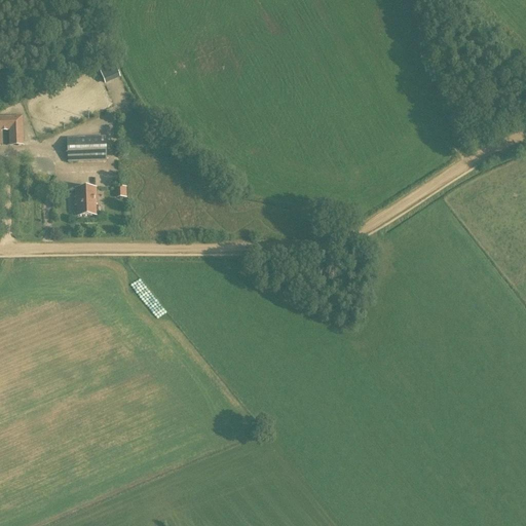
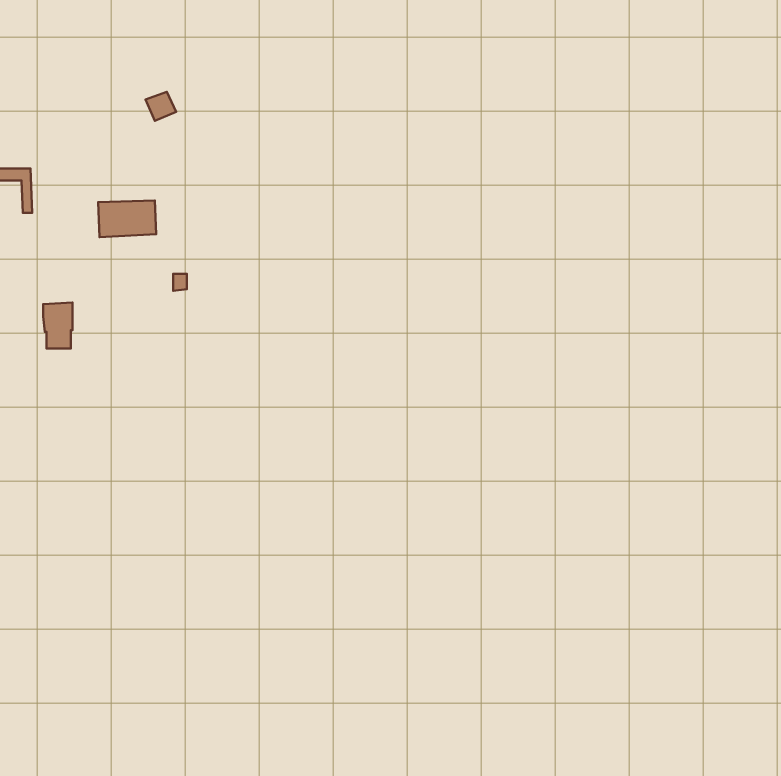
building: [77,185,97,216] -> [43,303,72,349]

